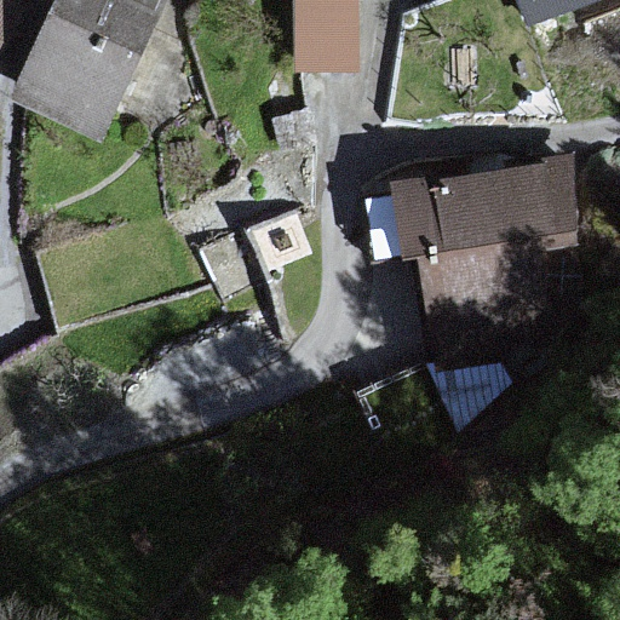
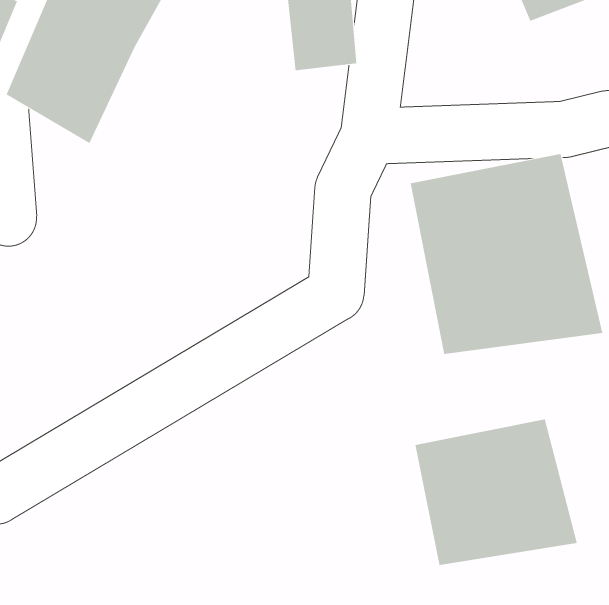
building: none -> [415,418,578,566]

